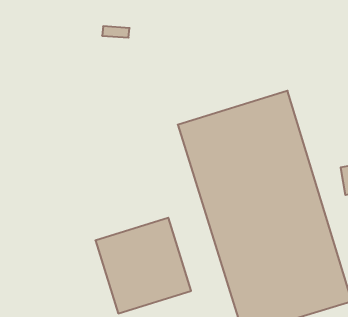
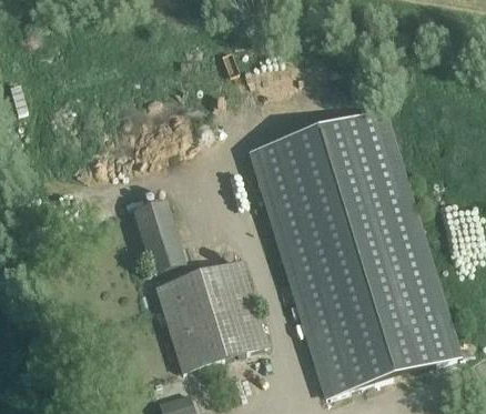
building: none -> [132,199,185,272]

